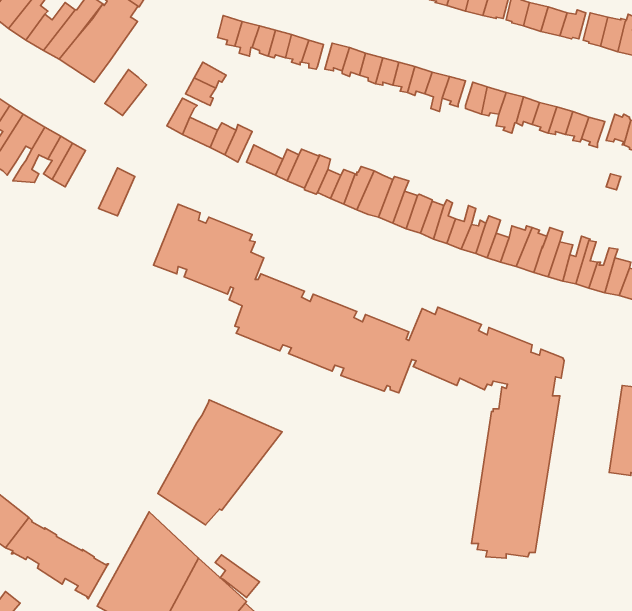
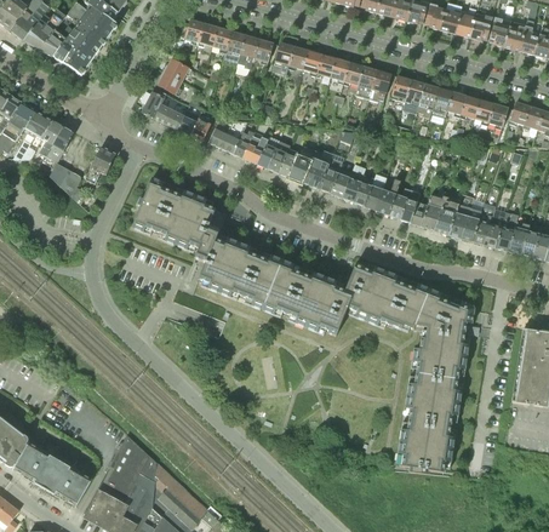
building: [105,70,146,116] -> none
building: none -> [50,162,82,201]
building: [158,400,282,525] -> none
building: [215,555,259,597] -> none

